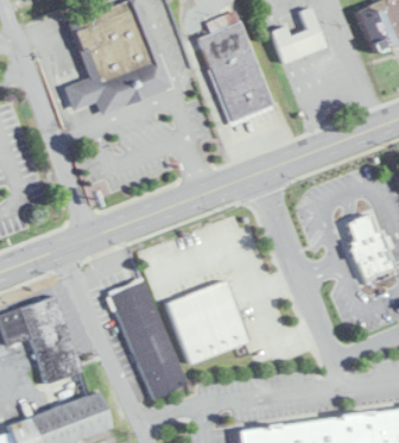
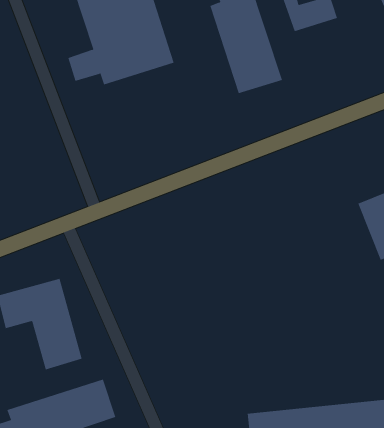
building: [109,278,185,399] -> none
building: [166,280,248,363] -> none

